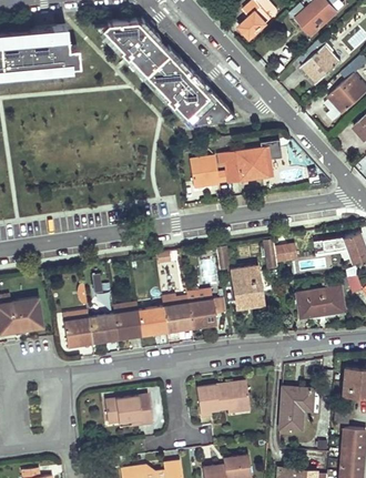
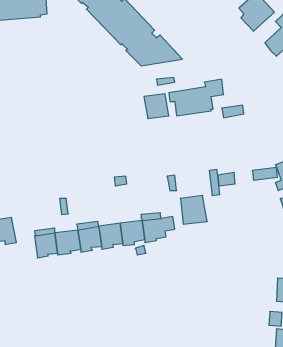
building: [296,286,343,317] -> none
building: [197,380,250,414] -> none
building: [279,386,312,430] -> none
building: [105,394,156,426] -> none

